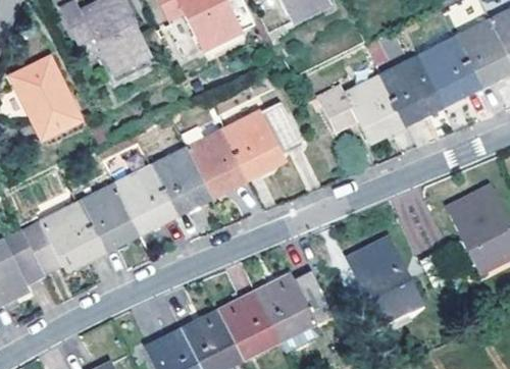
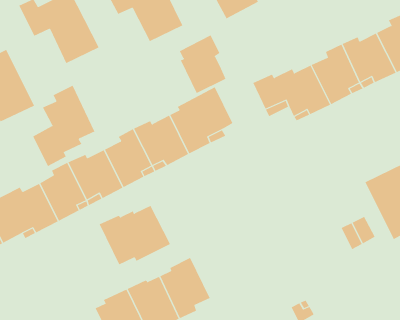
building: none -> [179,35,226,94]
building: none -> [33,85,95,167]
building: [346,236,420,321] -> none
building: [252,269,333,336] -> [99,205,171,265]

